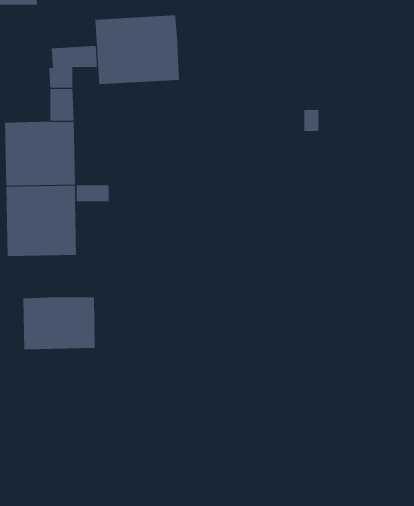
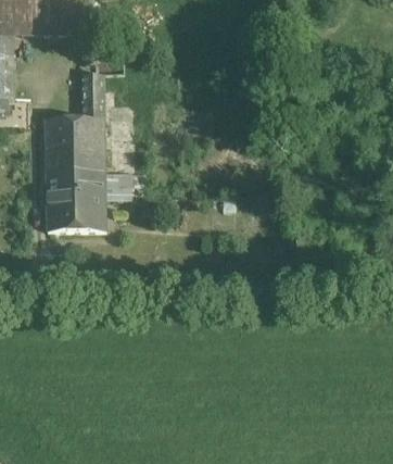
building: [95,14,179,85] -> none
building: [23,296,95,350] -> none

